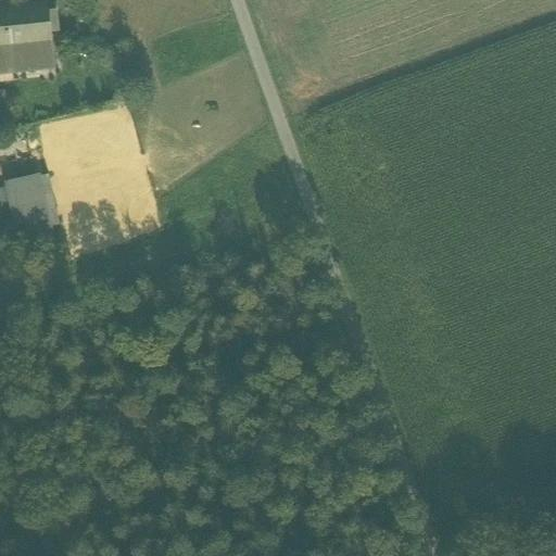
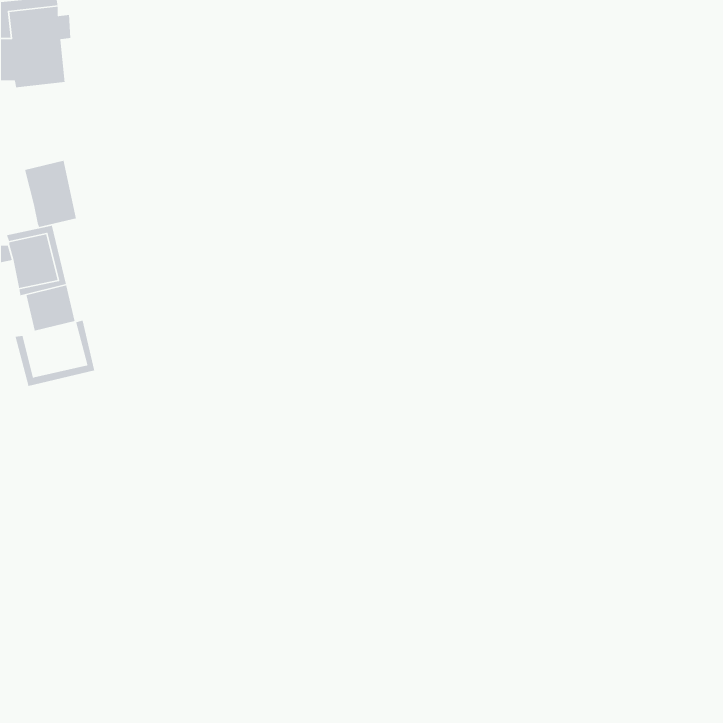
building: none -> [24,160,77,228]
building: none -> [15,320,95,387]

